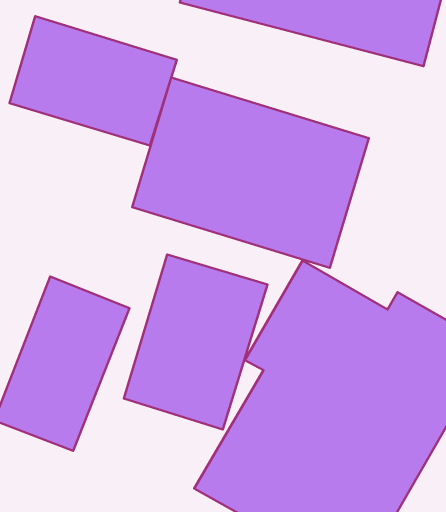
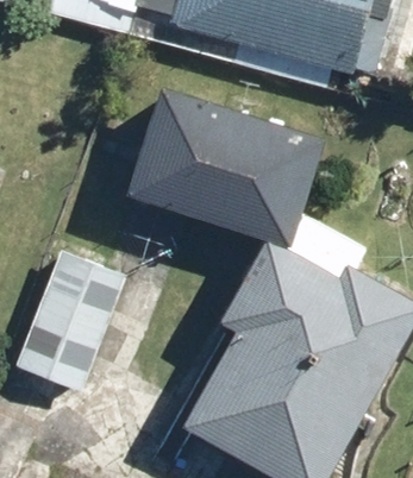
building: [9,16,177,146] -> none
building: [124,254,267,430] -> none

